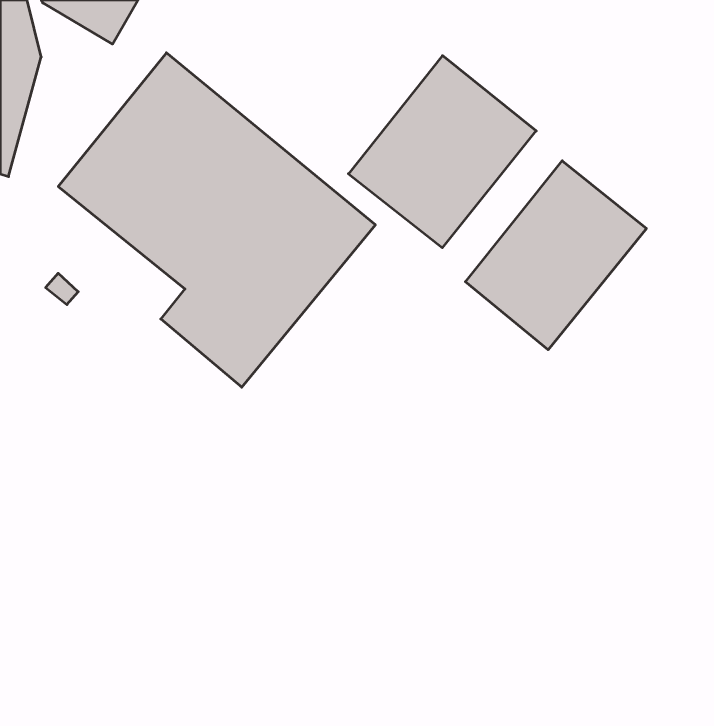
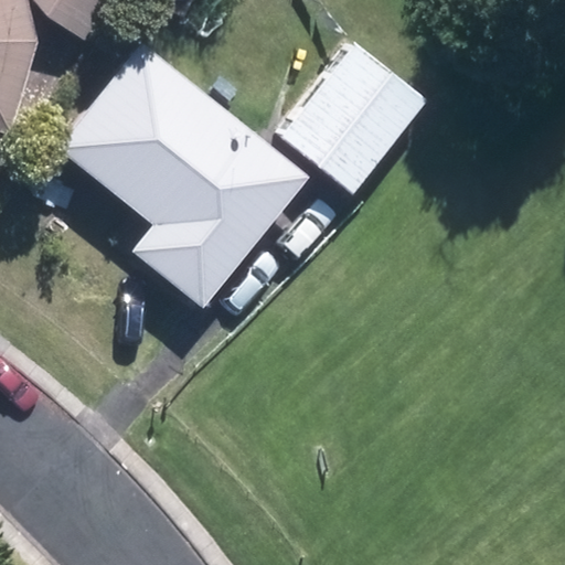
building: [465,161,646,350] -> none

